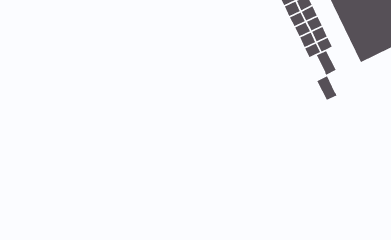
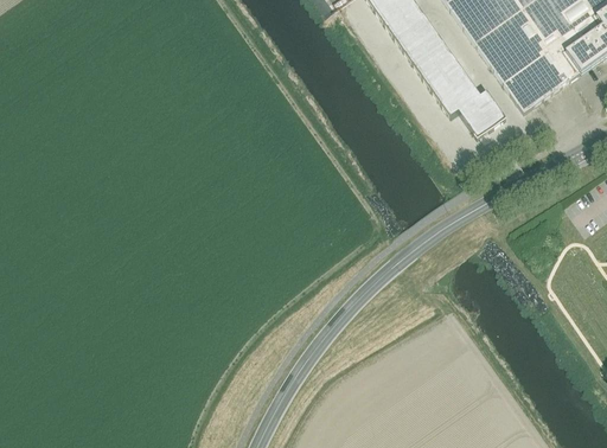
building: [316,75,337,101] -> [472,88,505,124]

